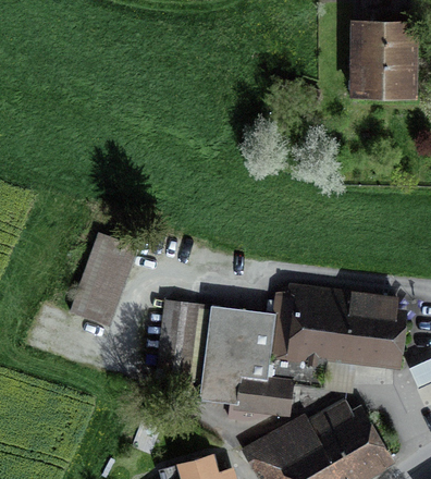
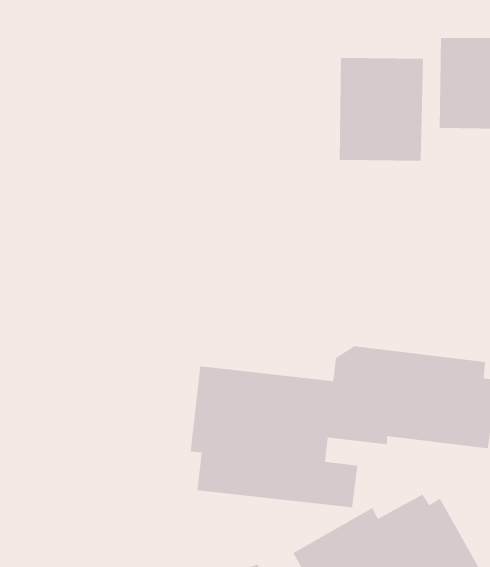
building: none -> [339,57,424,162]
building: [69,231,138,324] -> none

